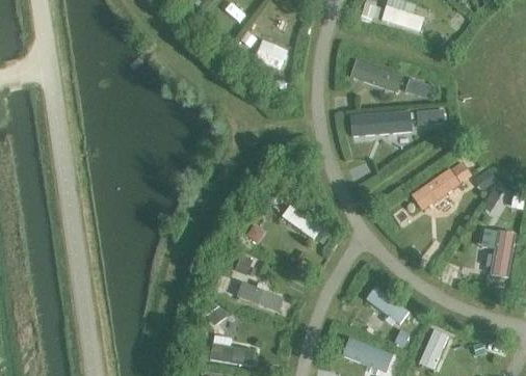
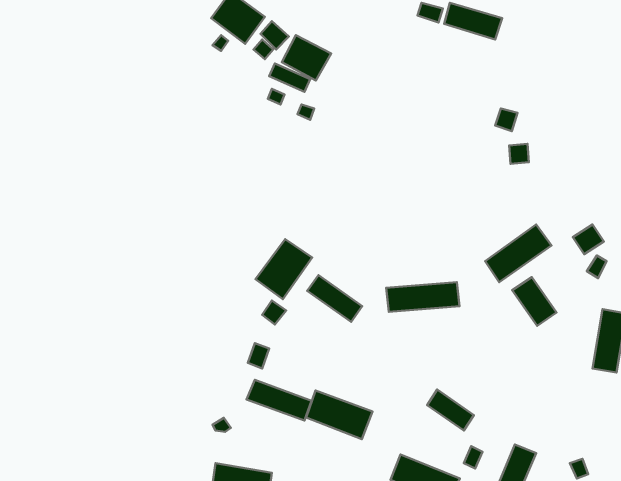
building: [349,59,402,91] -> none
building: [353,110,407,132] -> [386,282,459,312]
building: none -> [256,239,312,299]
building: none -> [512,277,557,326]
building: none -> [306,390,373,439]

